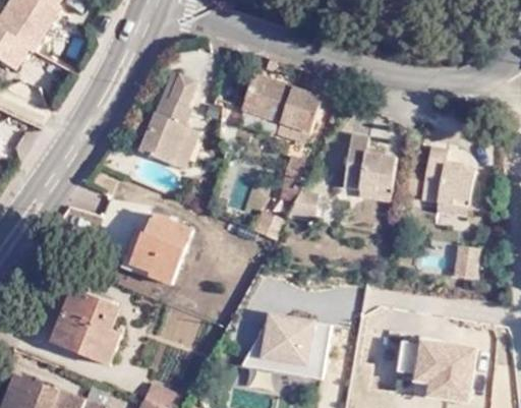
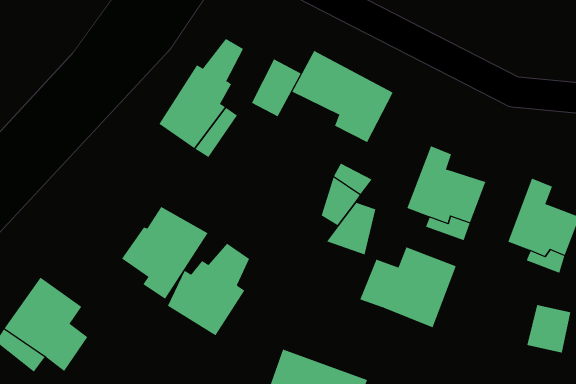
building: none -> [251,58,301,117]
building: none -> [359,247,457,328]
building: none -> [167,243,250,336]

